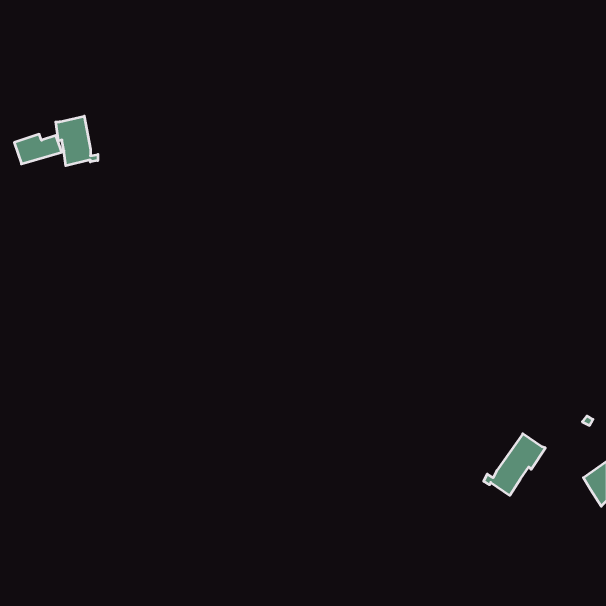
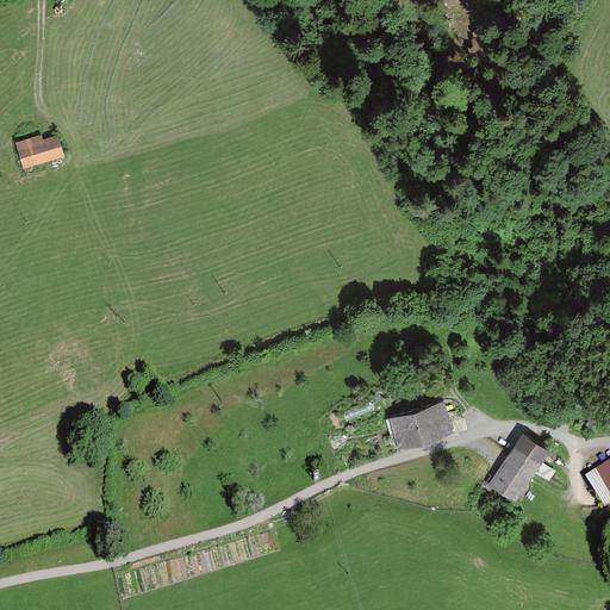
building: [56,116,98,166] -> none
building: none -> [390,402,452,447]

